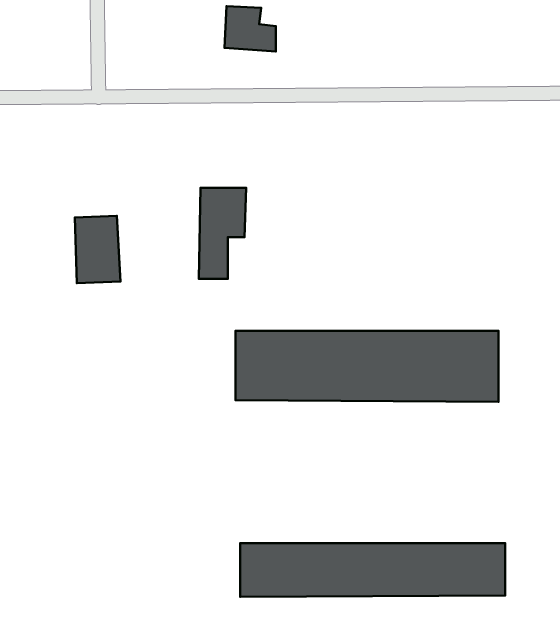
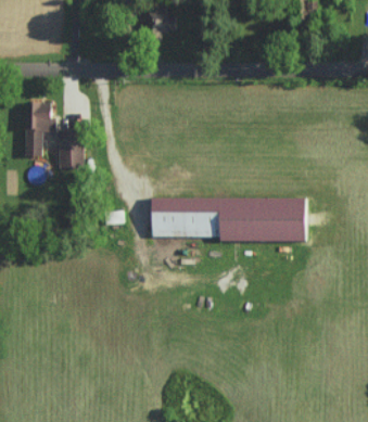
building: [199,188,246,279] -> [24,102,52,156]
building: [240,543,505,597] -> none

